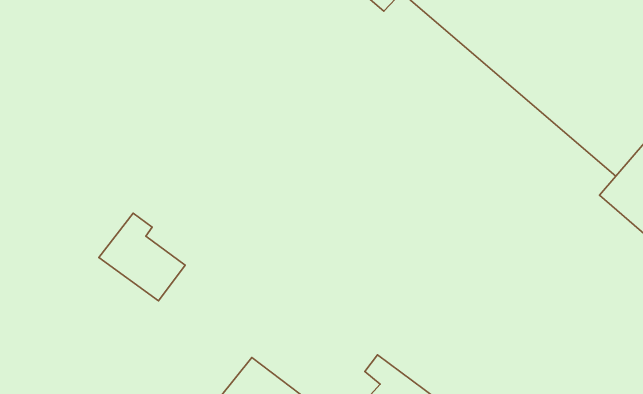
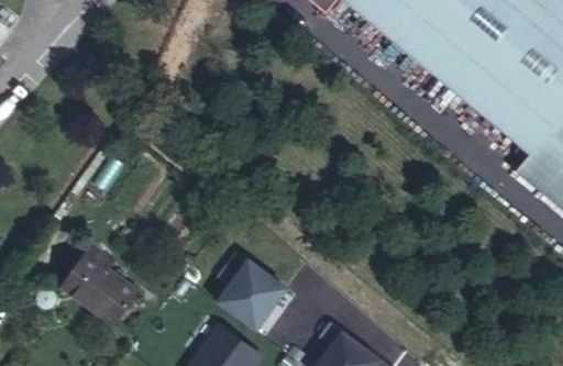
building: [99,213,185,301] -> [63,246,137,322]
building: none -> [220,257,288,326]

